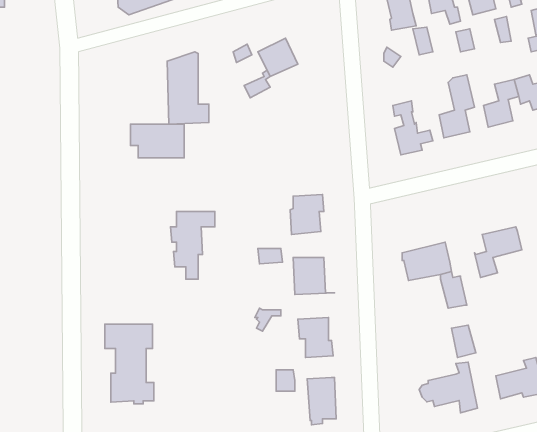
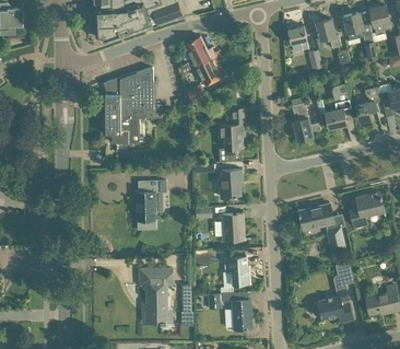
building: none -> [185,36,215,67]
building: none -> [105,73,132,118]
building: none -> [219,108,244,158]
building: [105,324,154,404] -> [139,267,174,324]

